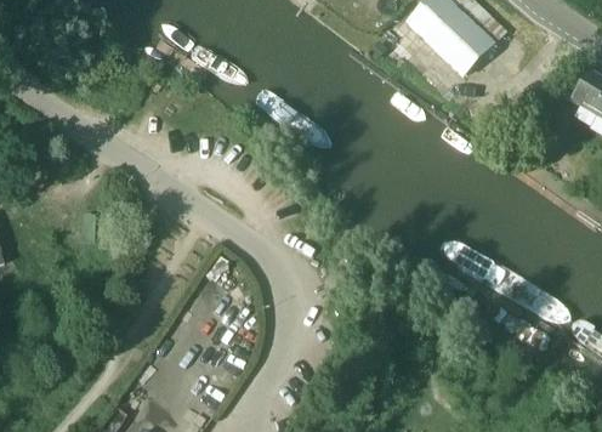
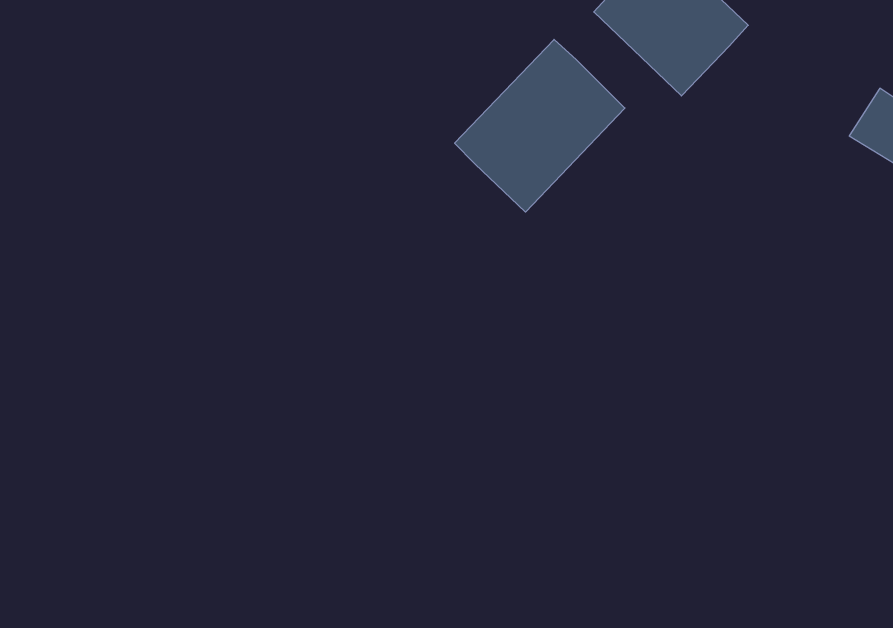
building: none -> [455,39,625,212]

